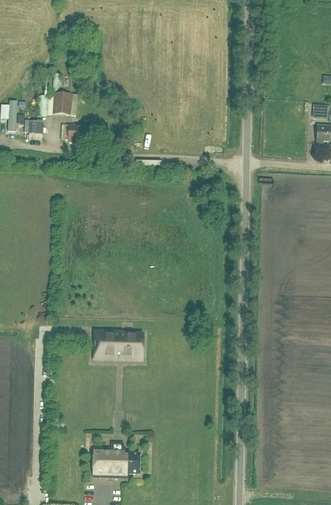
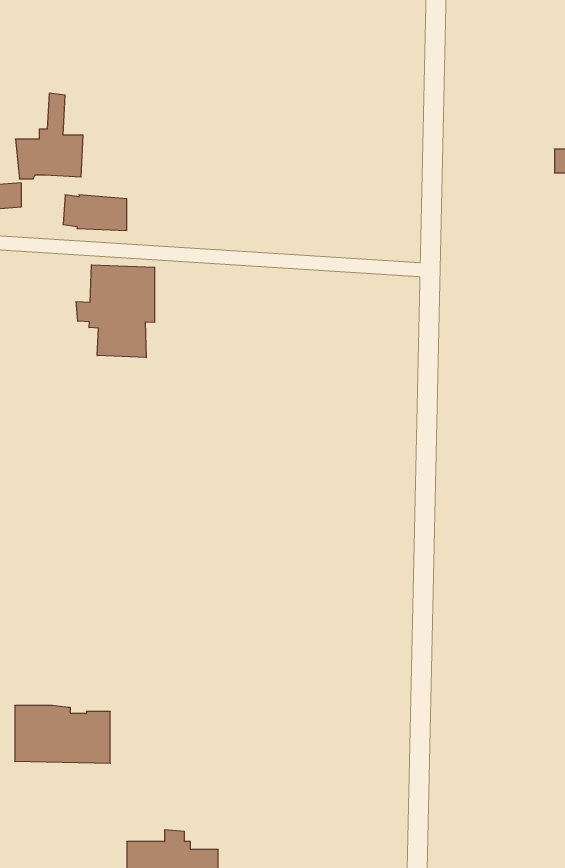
building: none -> [76,265,155,358]
building: [94,331,142,360] -> [15,706,110,763]

